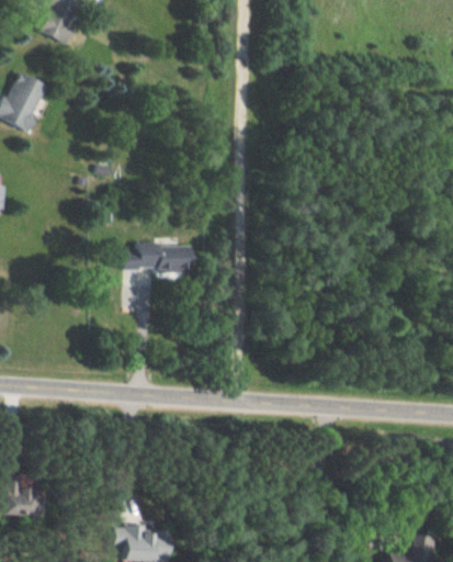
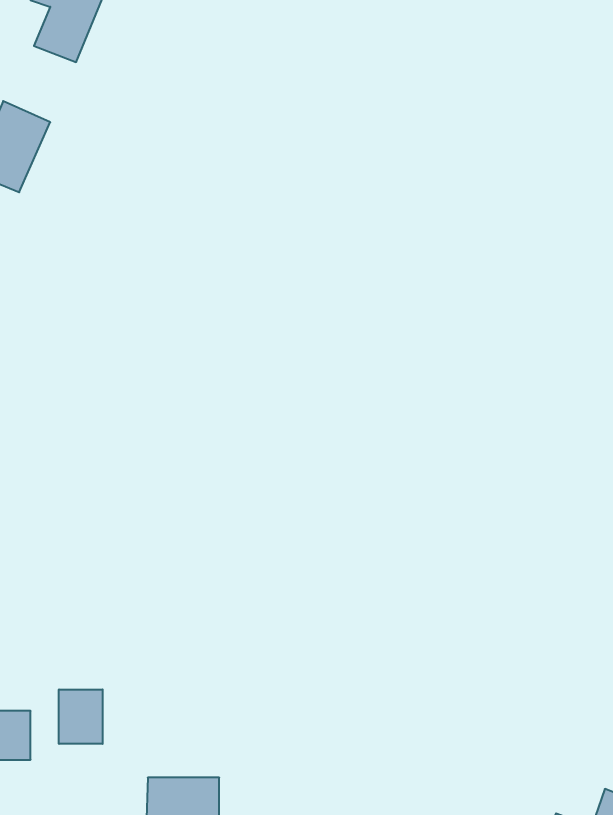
building: [124,243,194,272] -> none
building: none -> [59,689,103,744]

